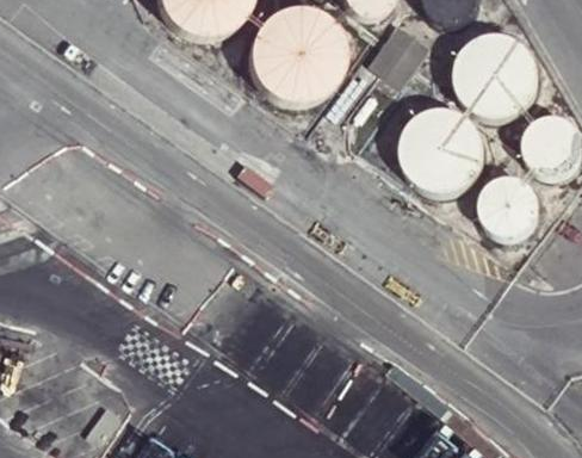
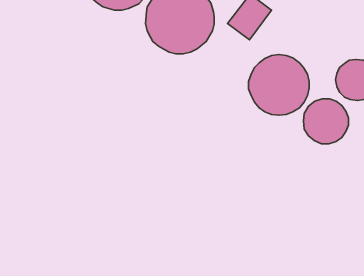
building: [453,33,541,120] -> none

